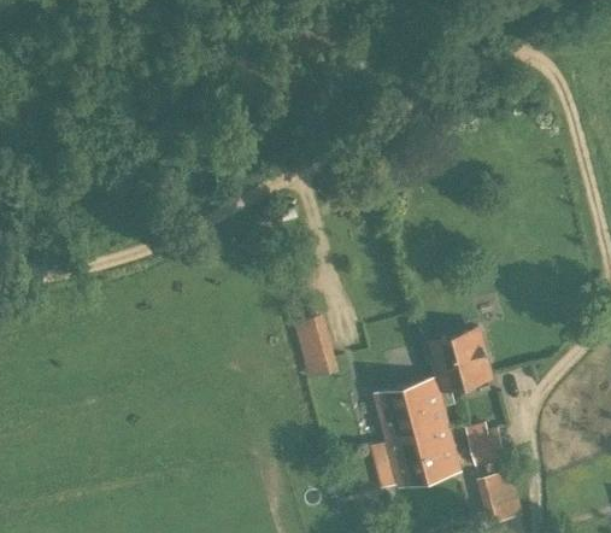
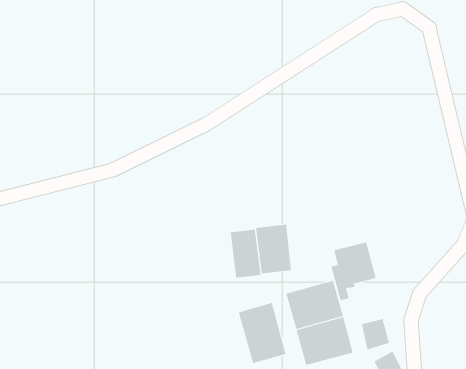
building: none -> [255,224,292,274]
building: none -> [238,302,286,364]

